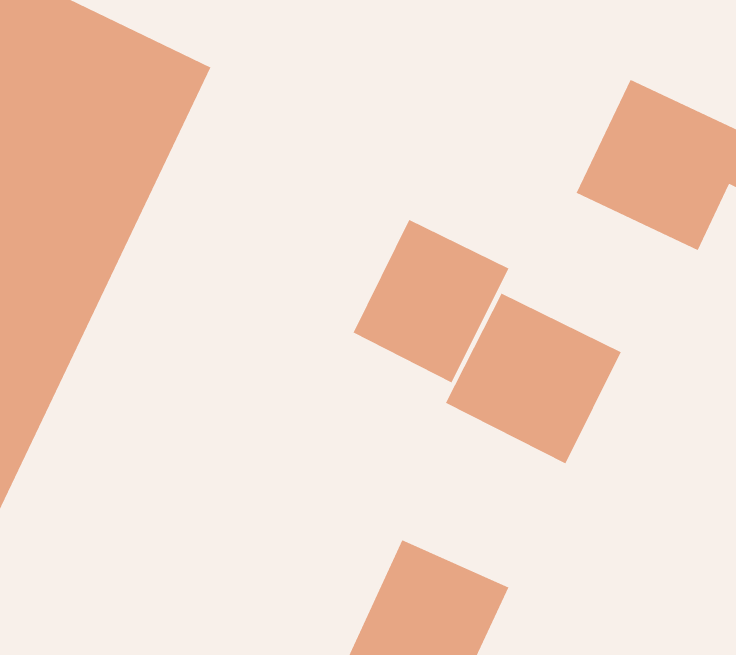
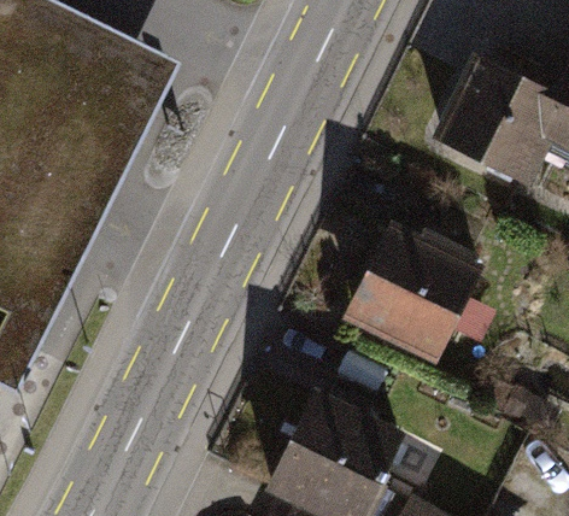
building: [353,219,509,383] -> none

